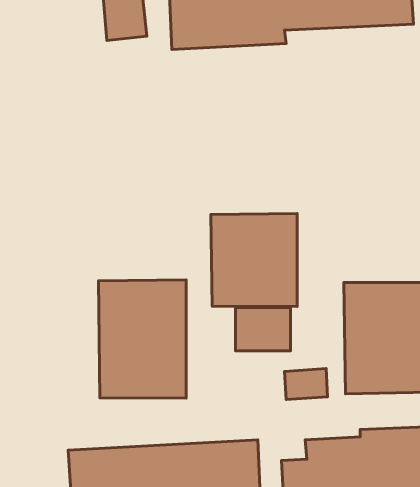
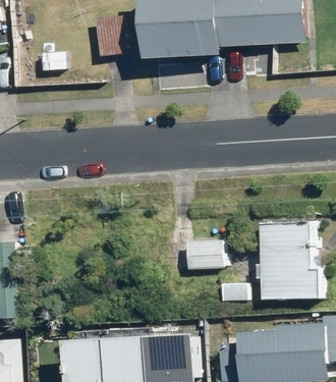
building: [211,214,297,307] -> none
building: [98,280,186,398] -> none

